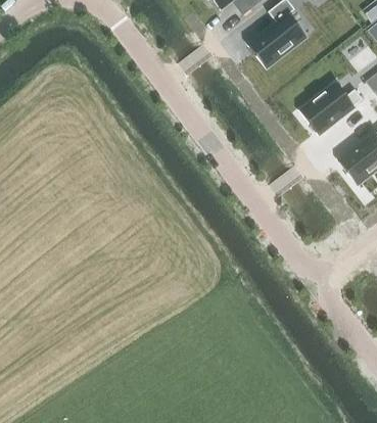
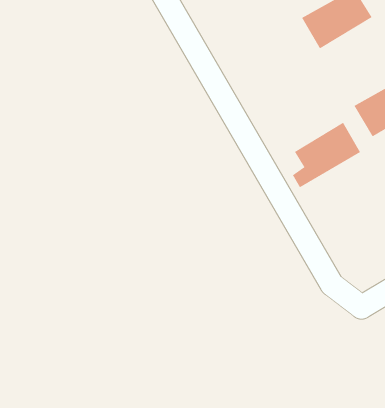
building: none -> [292,122,361,188]

